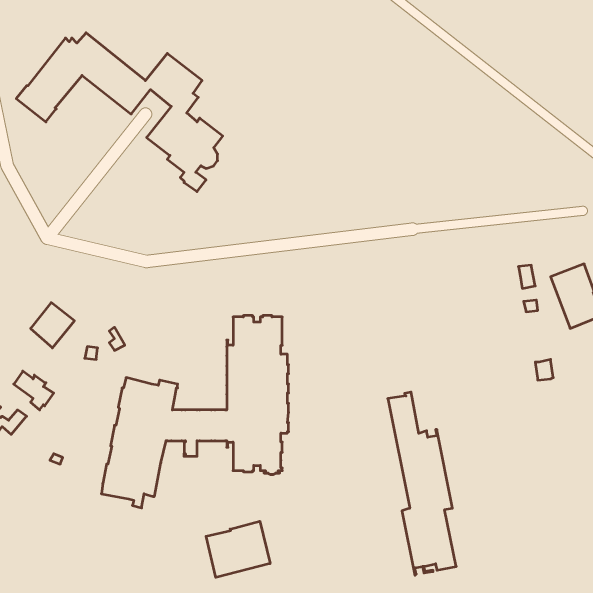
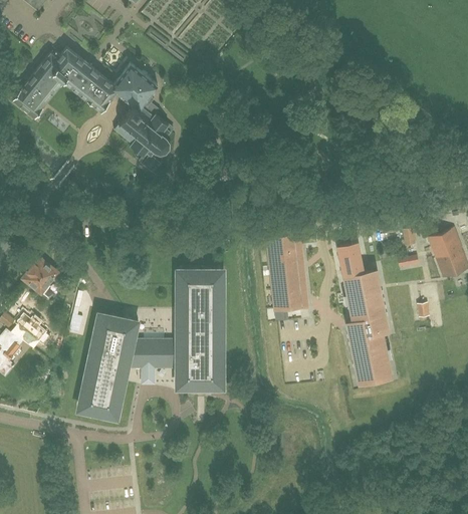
building: none -> [267,236,307,310]
building: [388,392,456,575] -> [338,241,392,383]
building: [206,521,270,577] -> none

